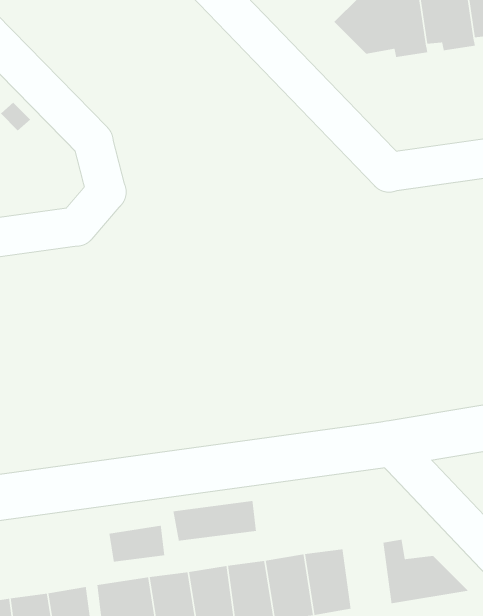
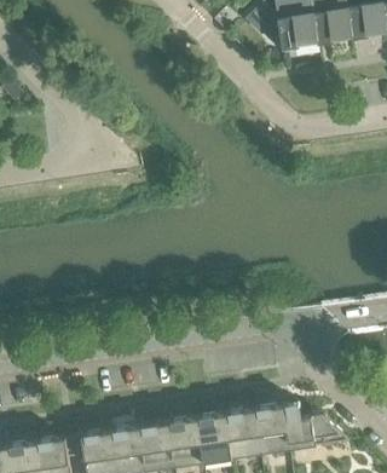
building: [172,500,257,542] -> none
building: [109,525,165,563] -> none
building: none -> [255,404,290,454]

